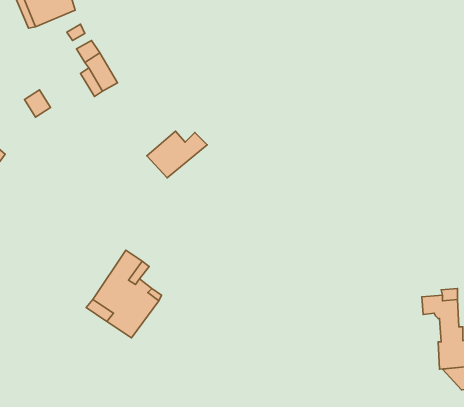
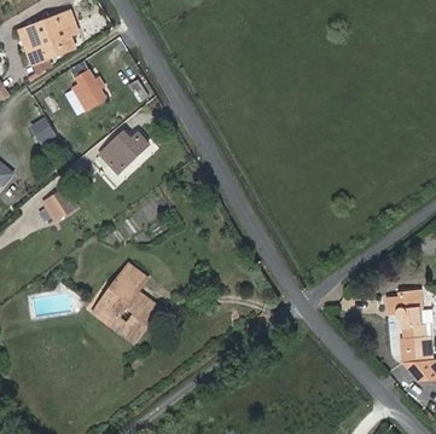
building: [147,131,207,178] -> [100,132,153,173]
building: none -> [45,187,79,219]

